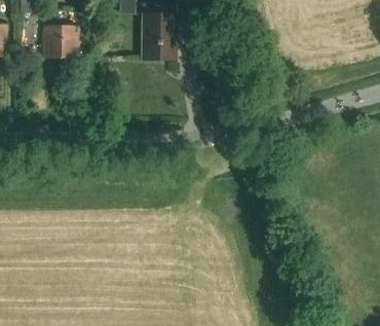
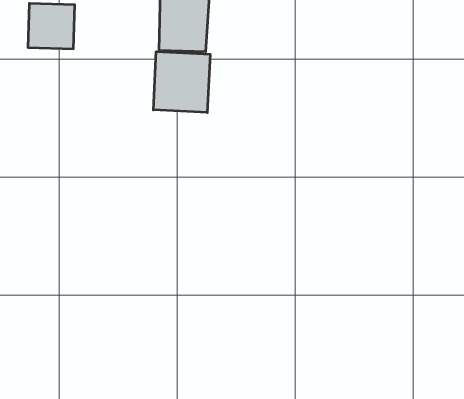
building: none -> [153,52,210,113]

